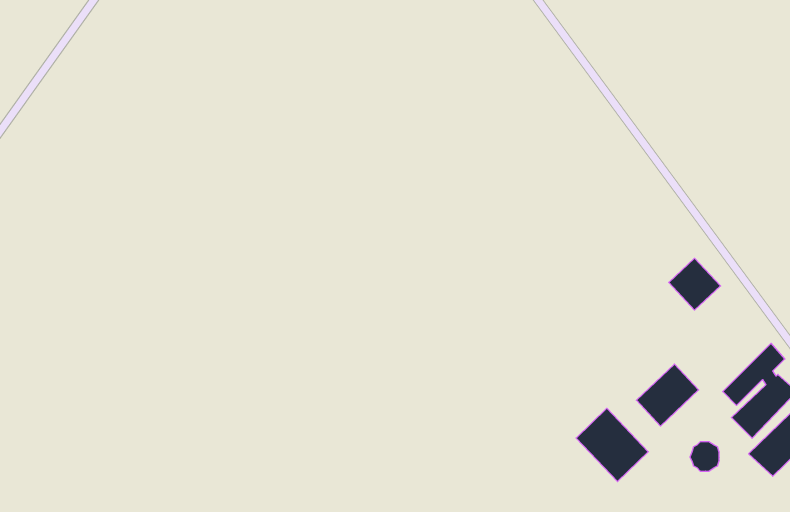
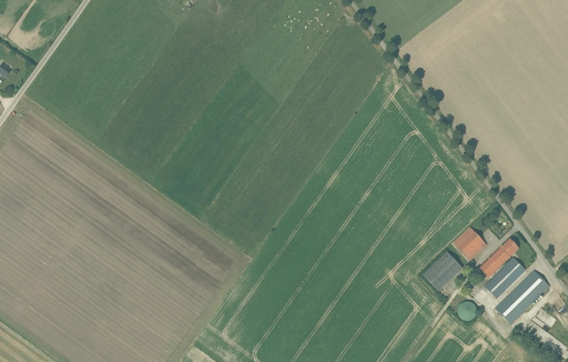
building: [669,258,721,310] -> [454,227,487,260]
building: [576,408,648,482] -> none

